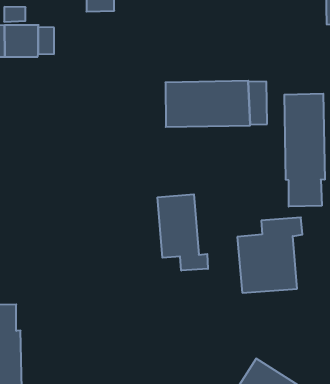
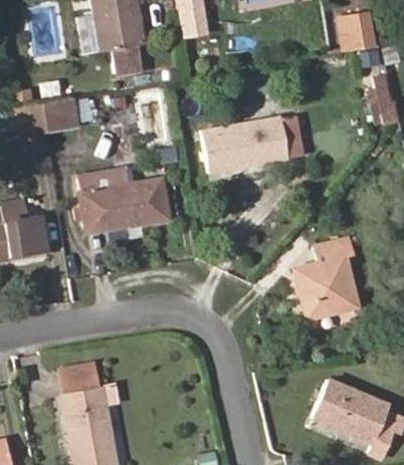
building: [284,94,325,207] -> none
building: none -> [77,166,170,232]
building: [158,194,208,271] -> none

